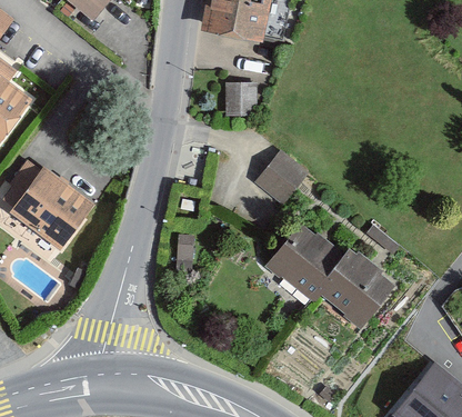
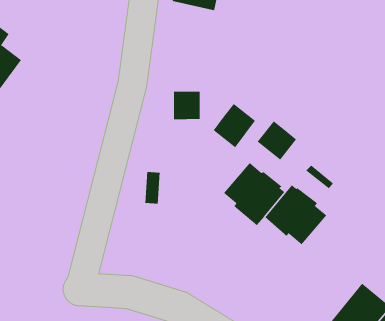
building: [224,81,257,116] -> [173,91,200,120]
building: [10,158,91,247] -> none
building: none -> [257,120,297,161]

